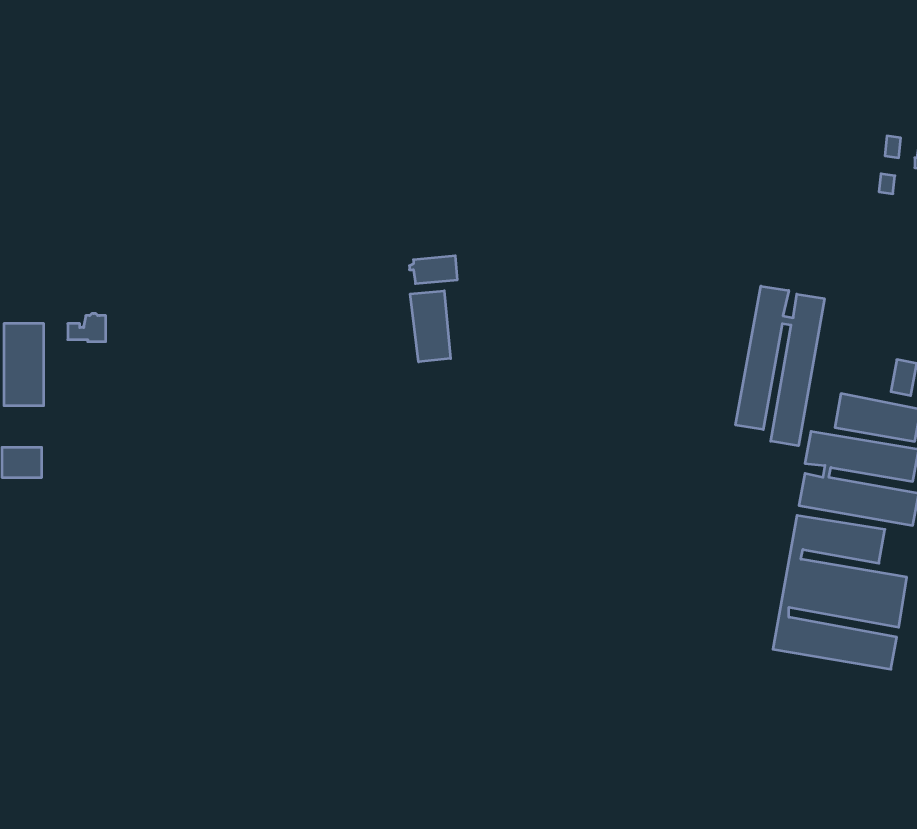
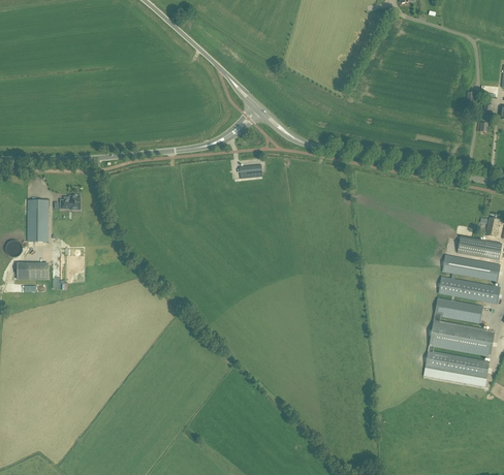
building: [736,286,824,446] -> none
building: [410,291,451,362] -> none

